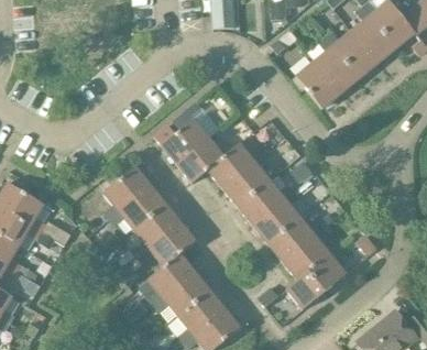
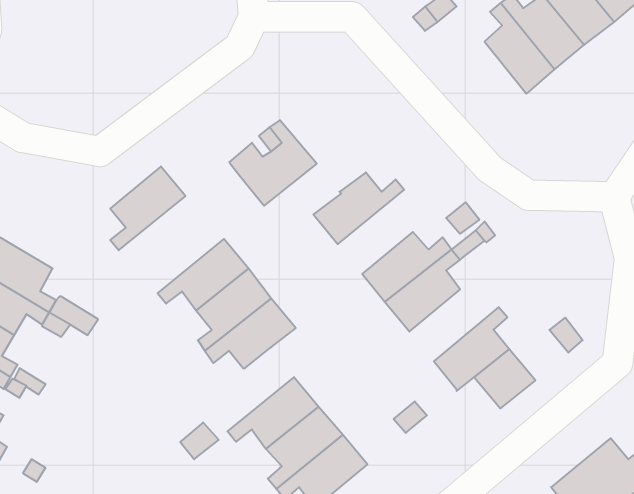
building: [295,59,341,108] -> none
building: [176,136,225,182] -> none
building: [222,153,270,206] -> none
building: [103,165,151,218] -> [110,166,185,250]
building: [267,216,324,261] -> none
building: [147,252,195,305] -> none
building: [286,271,325,308] -> none

